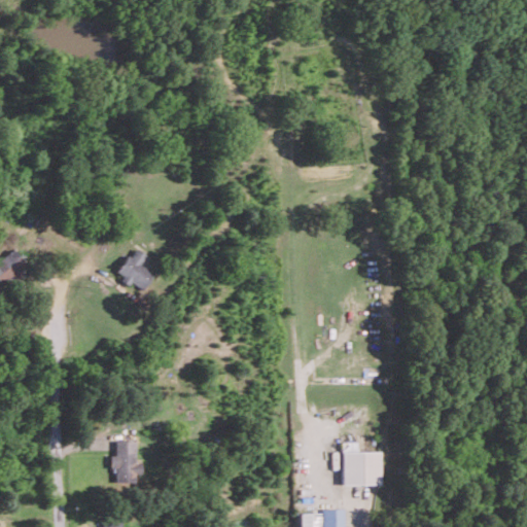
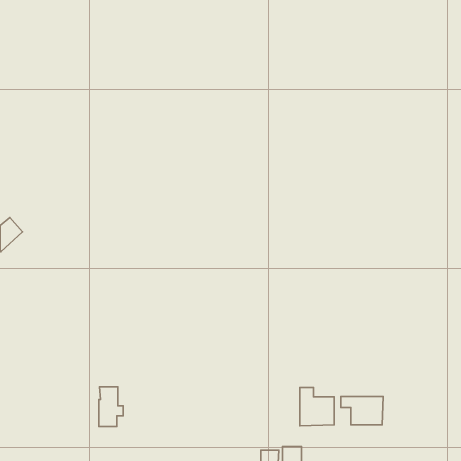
building: [116,249,154,290] -> none
building: none -> [341,396,383,425]

